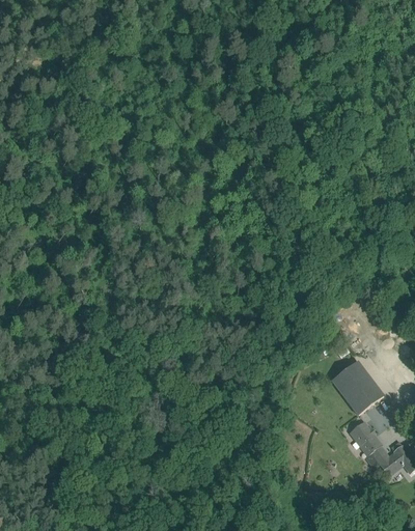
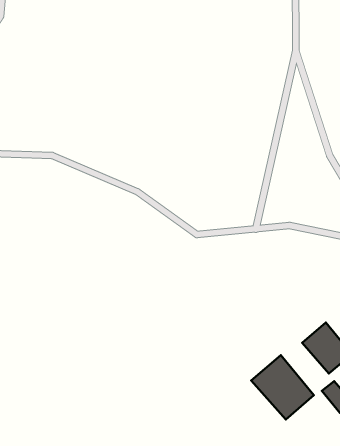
building: none -> [251,355,314,420]

